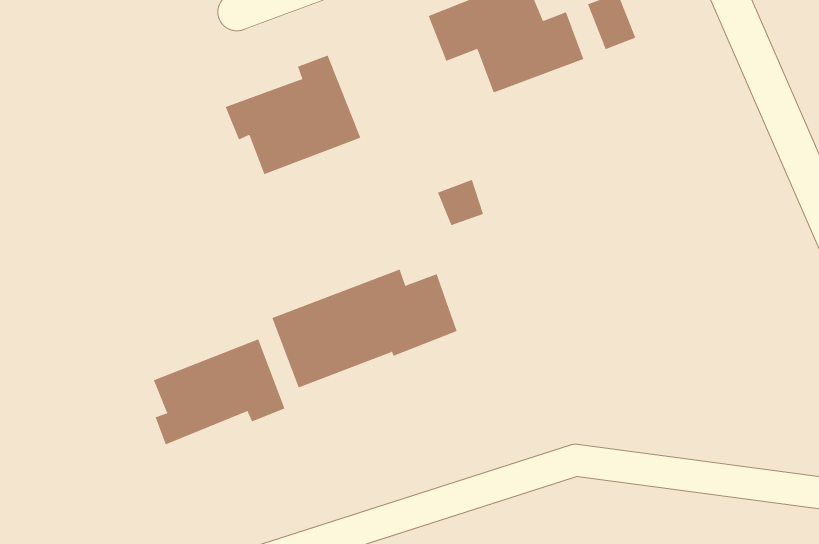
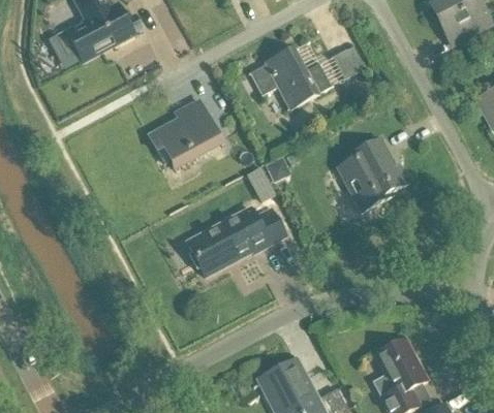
building: none -> [337,136,409,212]
building: [153,338,285,445] -> none

